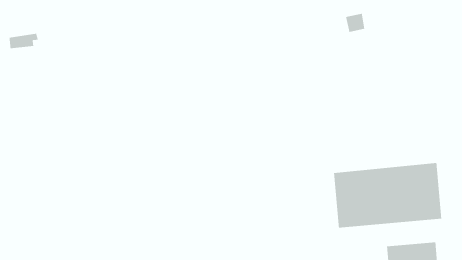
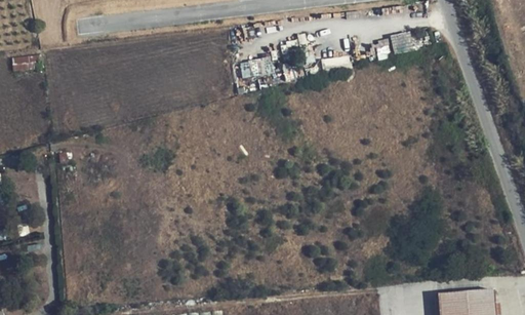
building: [333,162,442,229] -> none

